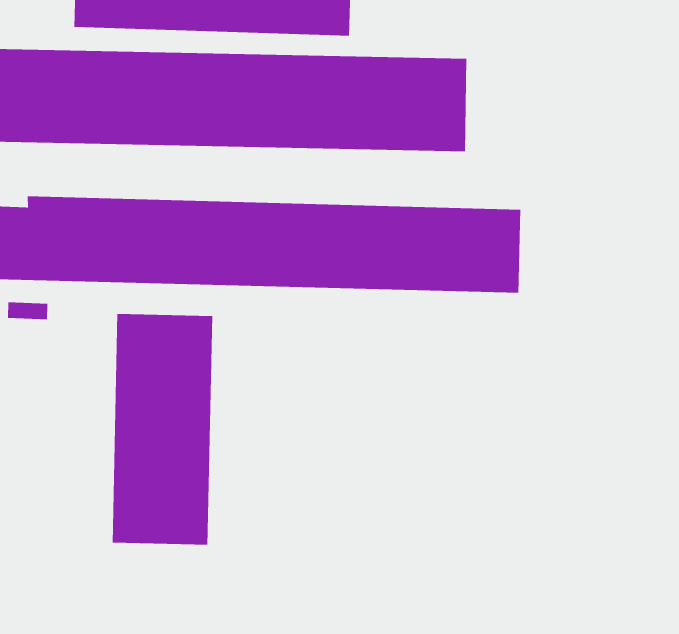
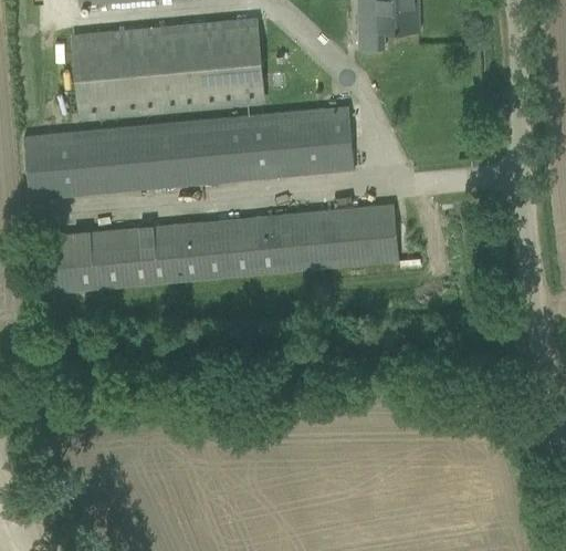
building: [112,313,213,546] -> none

